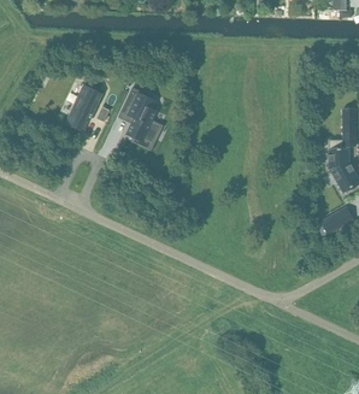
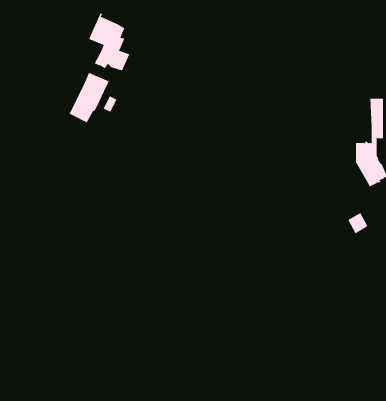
building: [122,86,160,140] -> [88,13,130,71]

